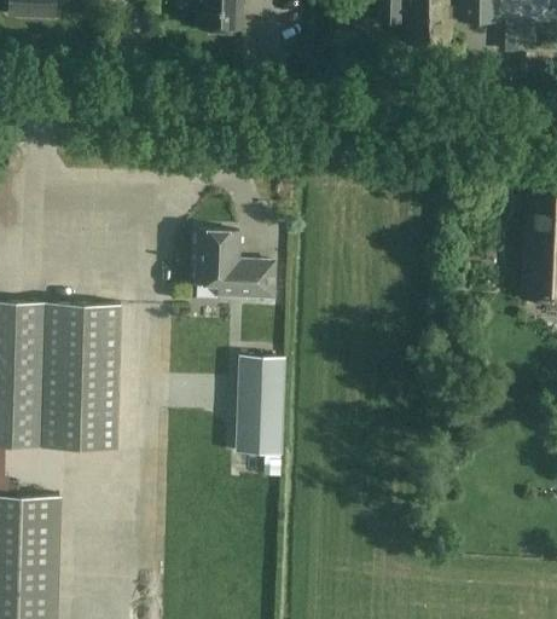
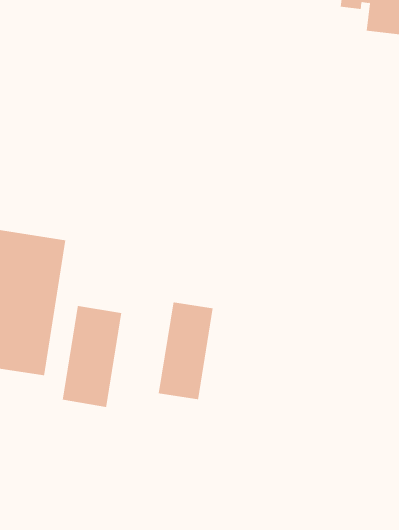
building: [197,230,275,297] -> none
building: none -> [62,305,122,408]

